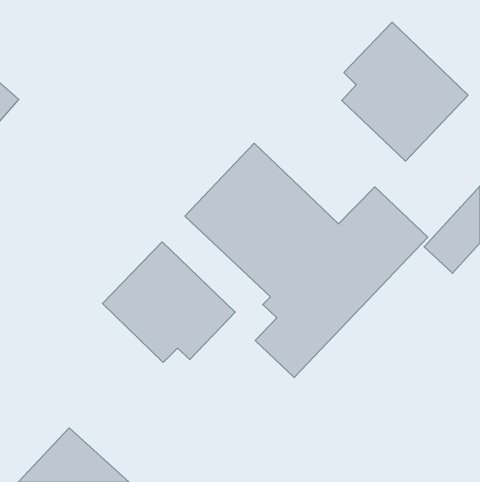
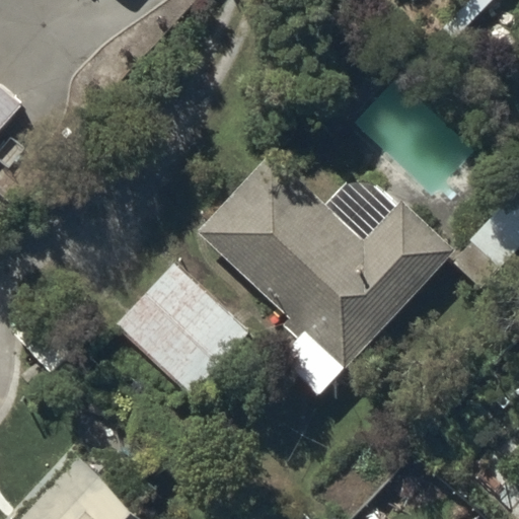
building: [342,22,468,161] -> none

